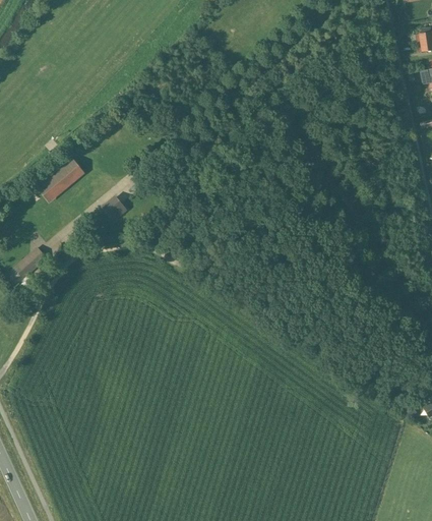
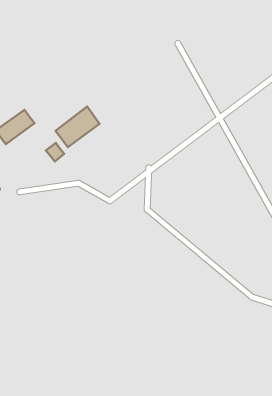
building: none -> [55,106,99,147]

